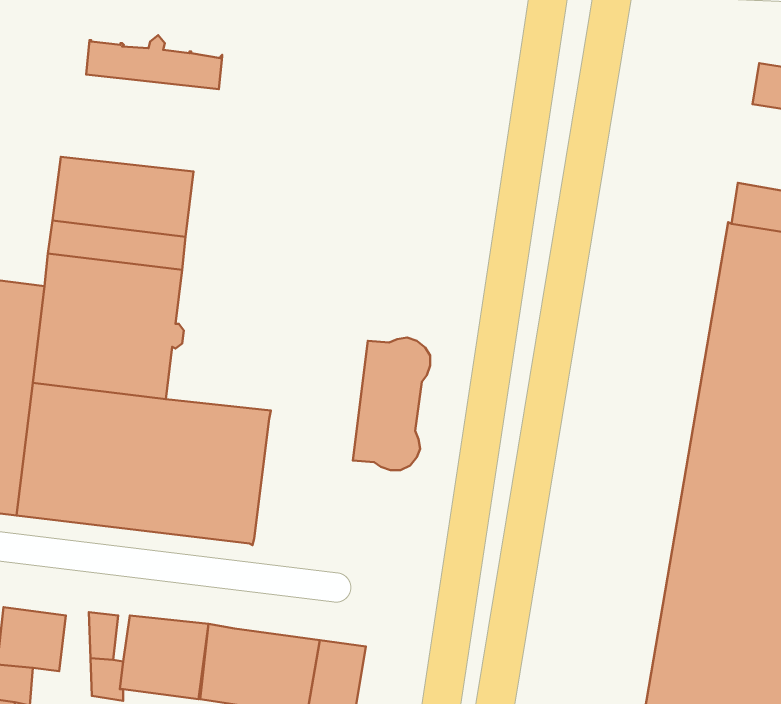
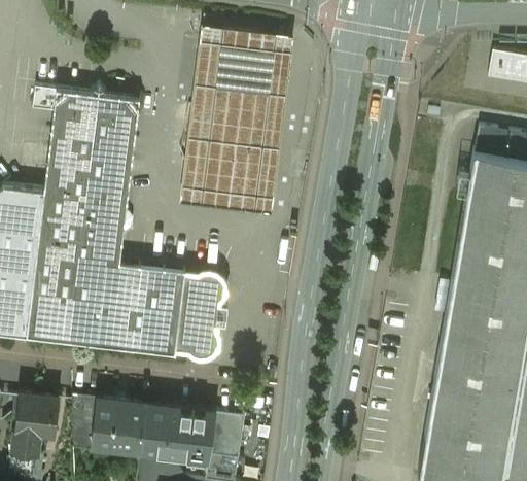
building: none -> [180,28,292,213]
building: [86,35,222,89] -> [54,87,139,121]
building: [353,338,430,470] -> [175,274,223,357]

